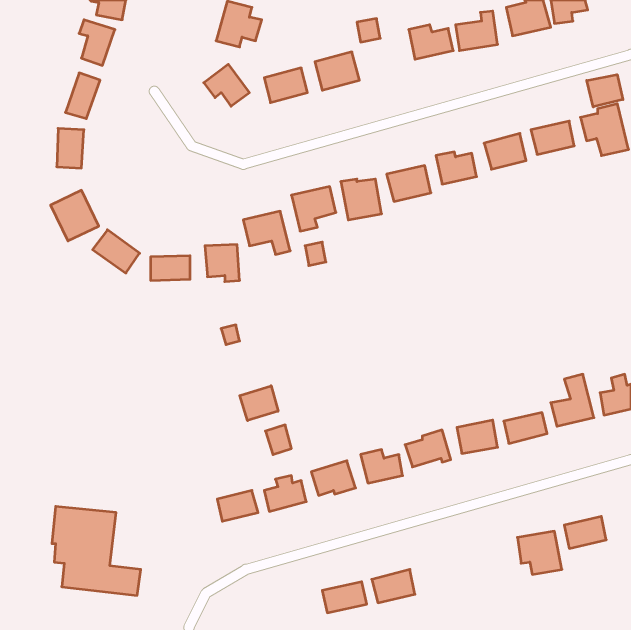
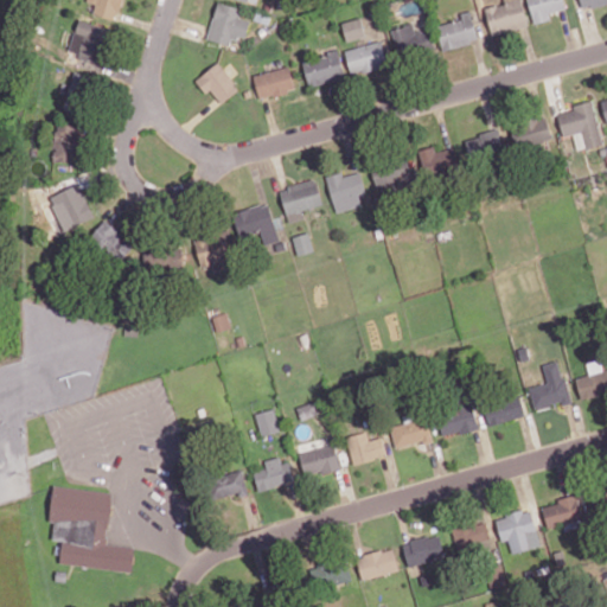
building: none -> [346,43,388,74]
building: [587,75,623,107] -> none
building: [240,386,278,421] -> none
building: none -> [452,520,491,554]
building: none -> [402,535,446,568]

